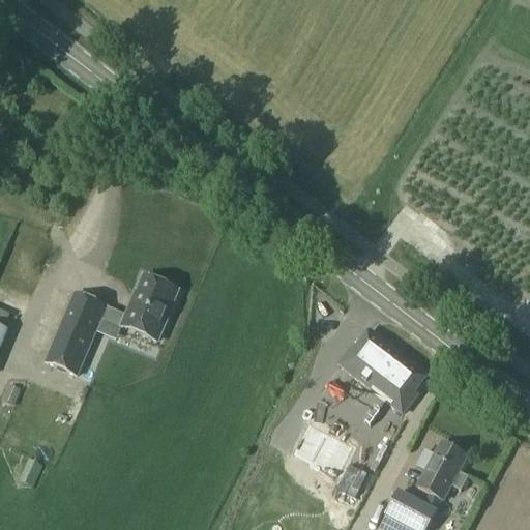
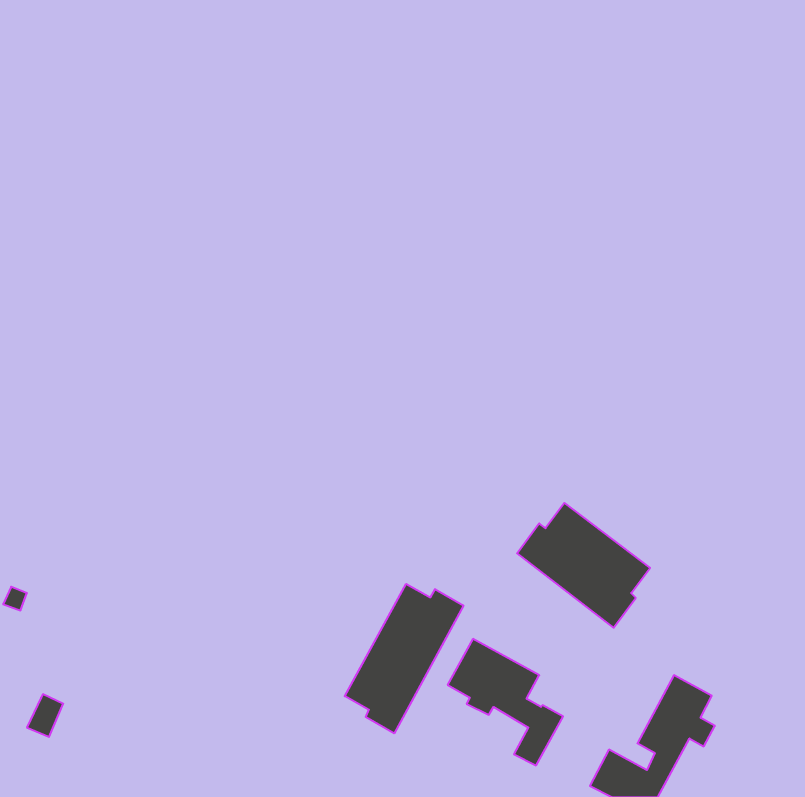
building: [45,274,177,374] -> none
building: none -> [345,584,463,733]

